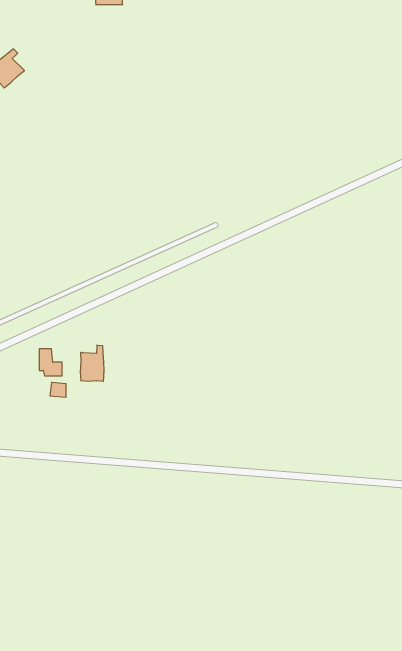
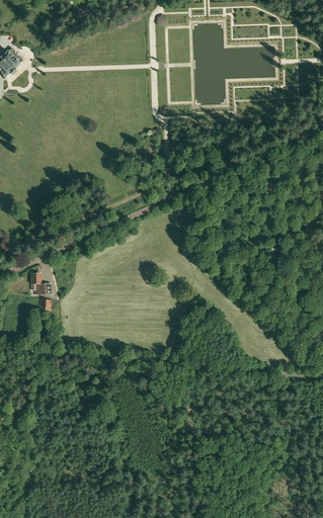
building: [81,345,104,381] -> none

